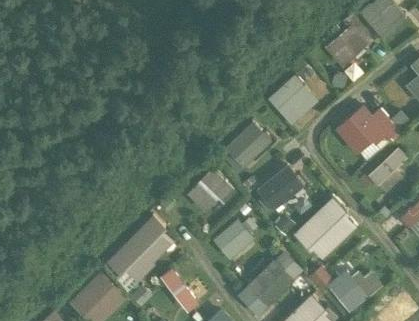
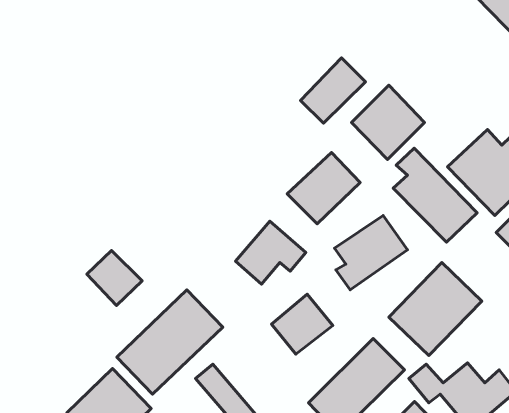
building: [324,19,371,65] -> none
building: none -> [300,58,366,123]
building: none -> [393,148,477,242]
building: none -> [87,250,142,306]

